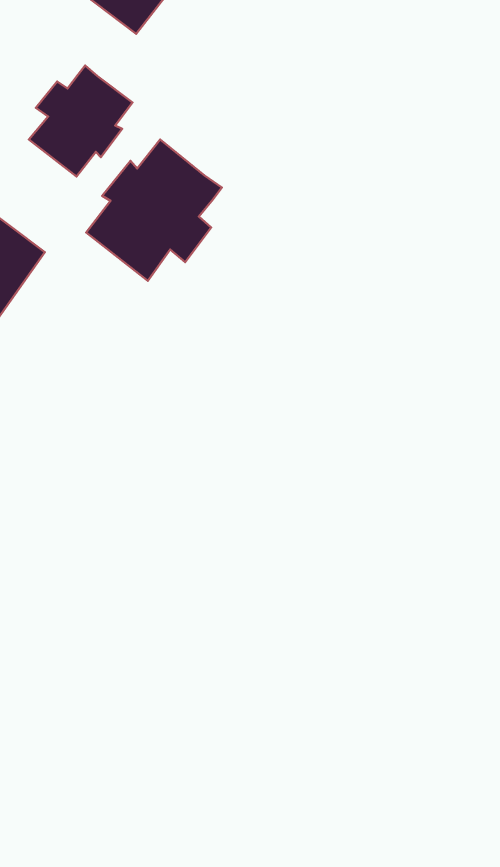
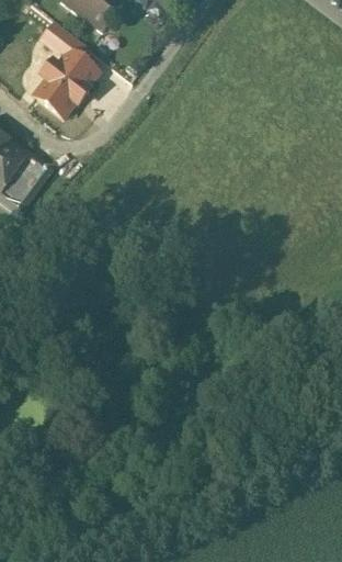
building: none -> [41,19,84,55]
building: [86,139,222,281] -> none

